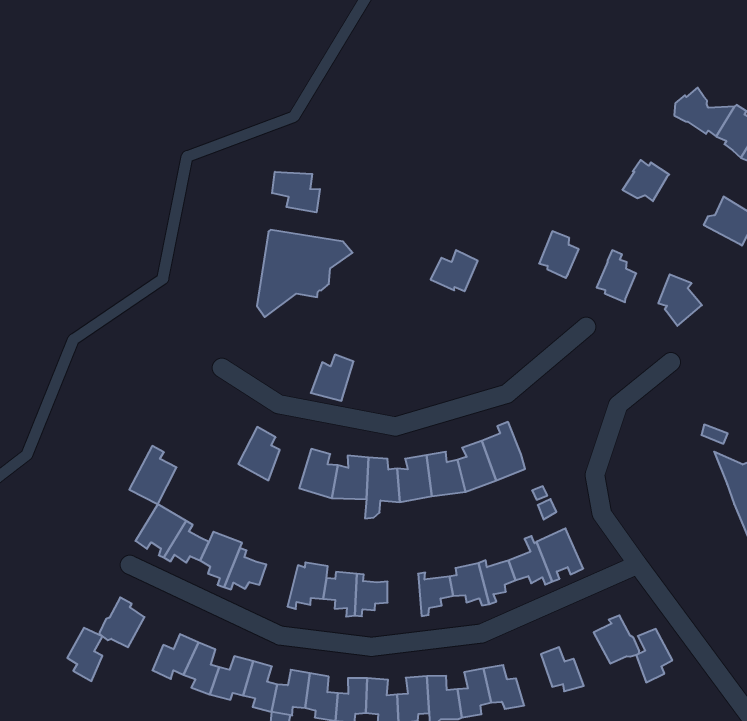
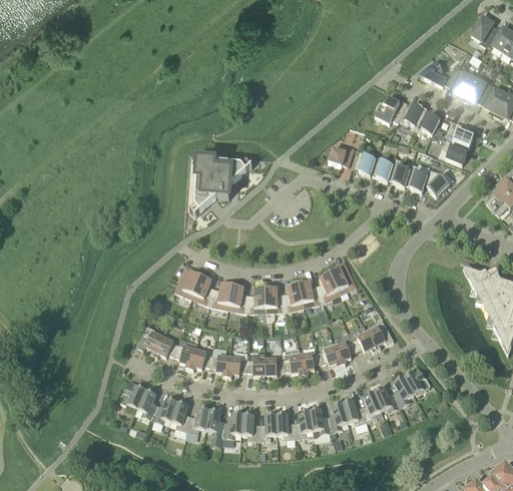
building: none -> [375,96,404,122]
building: [272,172,320,212] -> none
building: none -> [414,111,440,134]
building: none -> [442,137,467,163]
building: none -> [371,153,393,180]
building: [431,250,478,291] -> [328,142,354,165]
building: none -> [405,162,427,191]
building: [311,355,354,401] -> [209,282,232,308]
building: [129,446,177,504] -> [174,264,200,297]
building: none -> [209,346,230,376]
building: none -> [282,347,304,375]
building: [67,628,102,681] -> [137,389,157,419]
building: [636,629,672,682] -> [393,376,414,407]
building: none -> [361,391,382,421]

